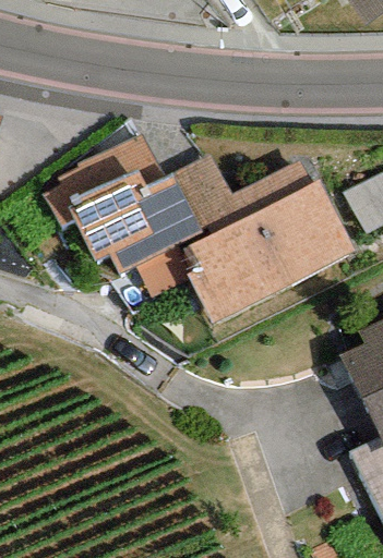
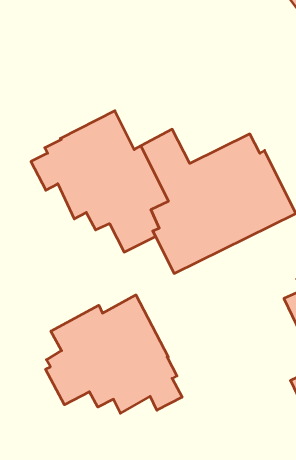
building: none -> [46,295,182,413]

